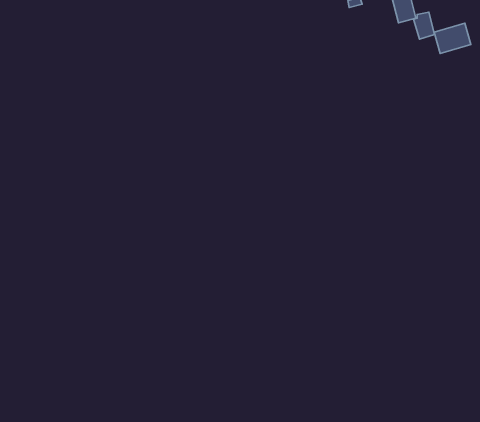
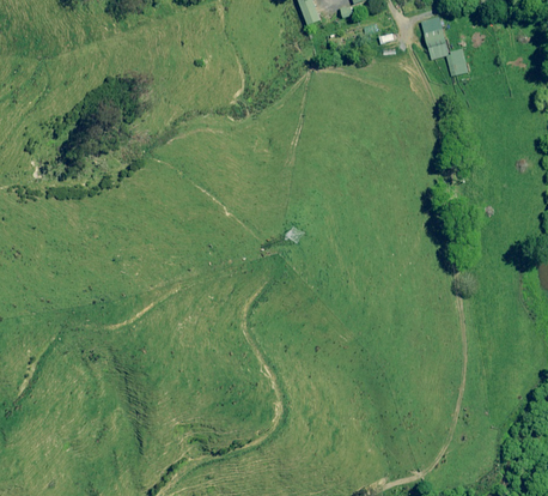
building: [434,23,471,54] -> none

